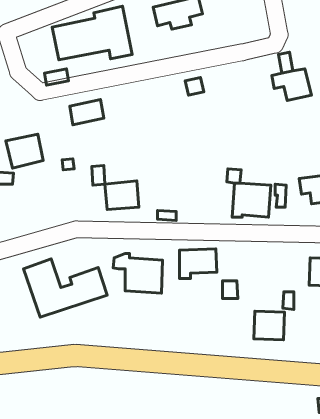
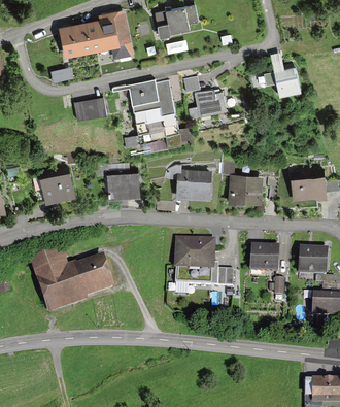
building: none -> [112,77,193,150]
building: none -> [189,91,226,120]
building: [6,134,43,168] -> [40,175,75,207]
building: [113,253,162,293] -> [166,166,212,203]
building: [254,311,285,340] -> [250,243,279,270]

